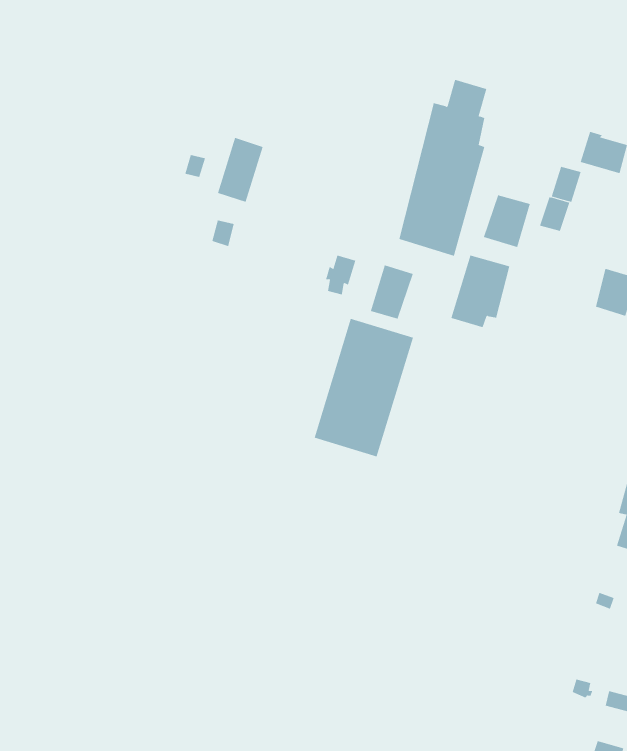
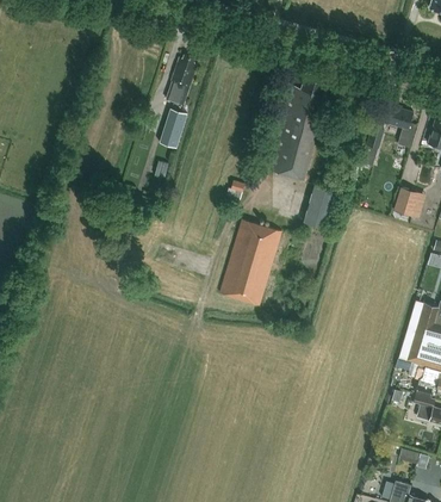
building: none -> [164,55,197,105]
building: [483,194,530,248] -> none
building: [370,265,413,319] -> none

